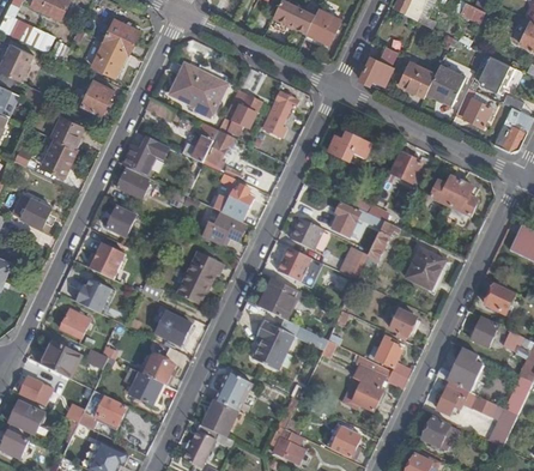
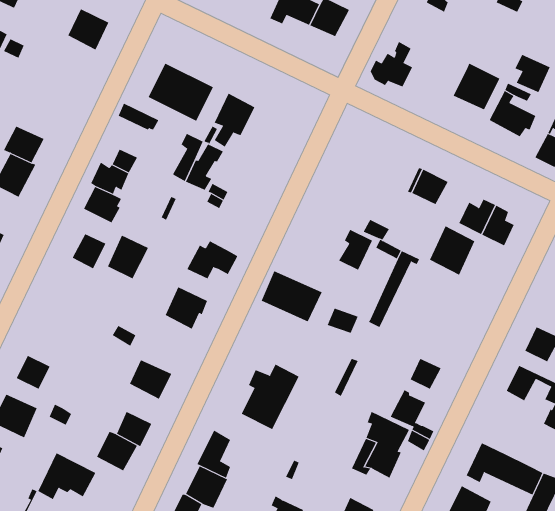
building: [91,41,126,76] -> none
building: [398,58,436,96] -> none
building: [81,80,113,115] -> none
building: [261,91,297,140] -> none
building: [324,132,370,165] -> none
building: [222,183,251,222] -> none
building: [287,218,321,250] -> none
building: [90,242,125,279] -> [107,235,149,279]
building: [338,246,366,278] -> none
building: [405,248,443,290] -> [429,225,475,276]
building: [175,274,207,306] -> none
building: [75,278,110,313] -> none
building: [256,278,290,315] -> none
building: [436,349,485,391] -> none

